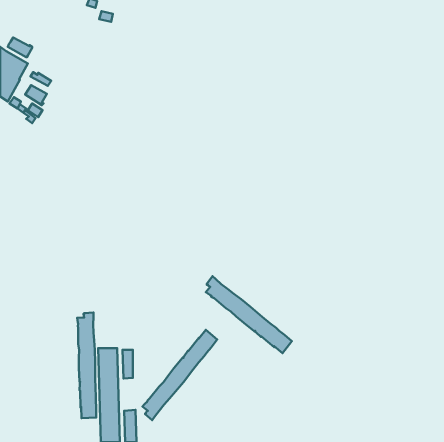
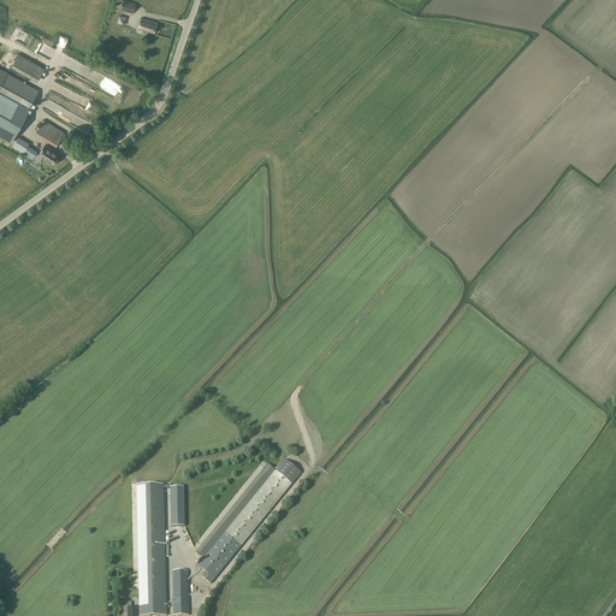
building: [206,276,292,353] -> none
building: [77,312,96,418] -> none

